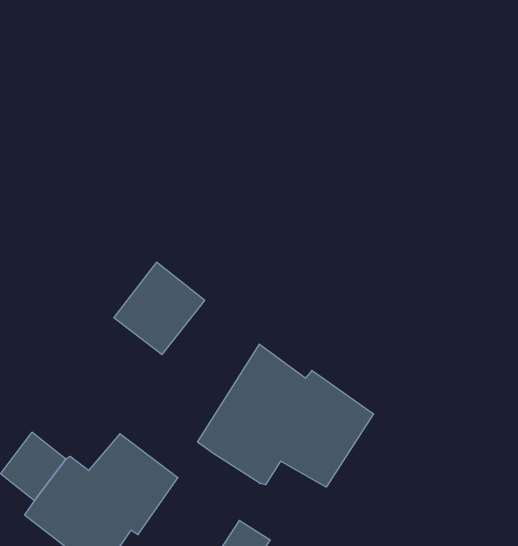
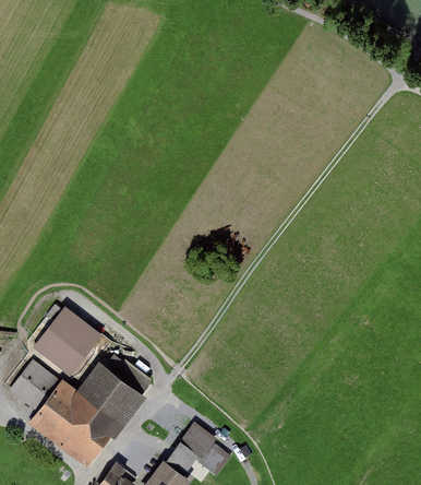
building: [114,262,205,355] -> [31,306,100,377]
building: [198,344,374,487] -> none

